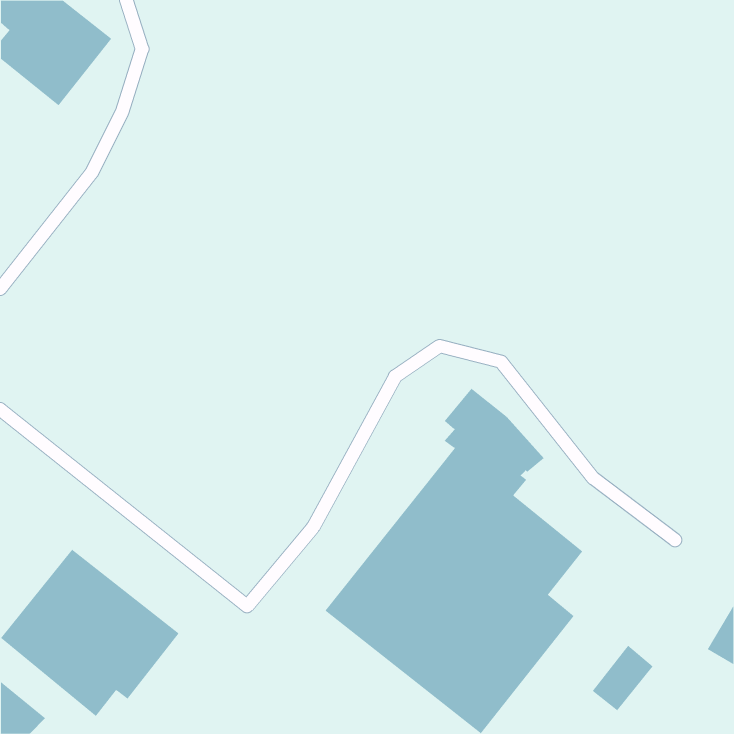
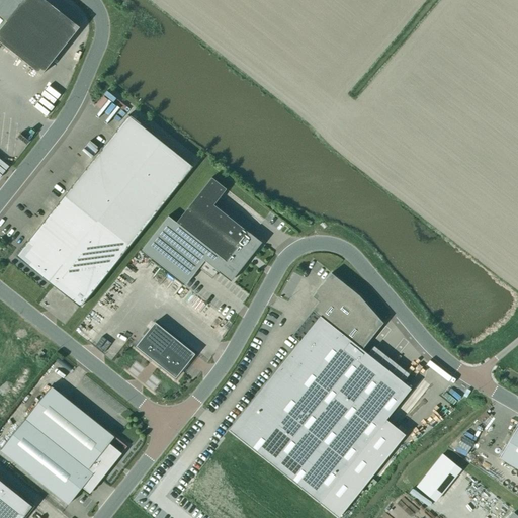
building: none -> [16,115,192,308]
building: none -> [142,177,260,284]
building: none -> [136,323,195,378]

